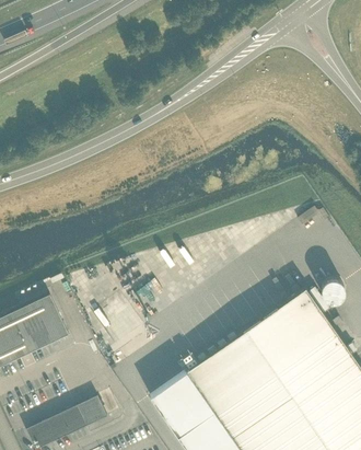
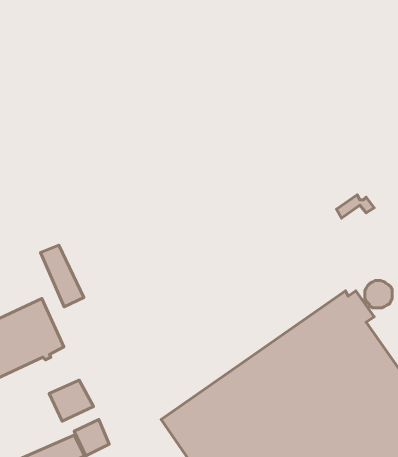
building: none -> [41,245,84,307]
building: none -> [49,380,93,421]

